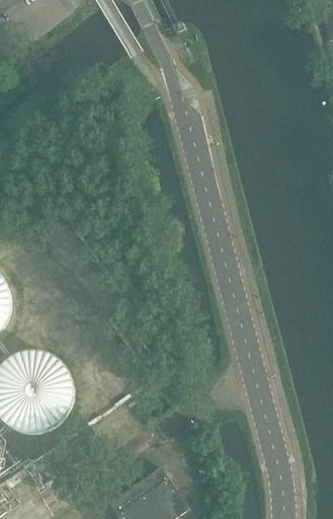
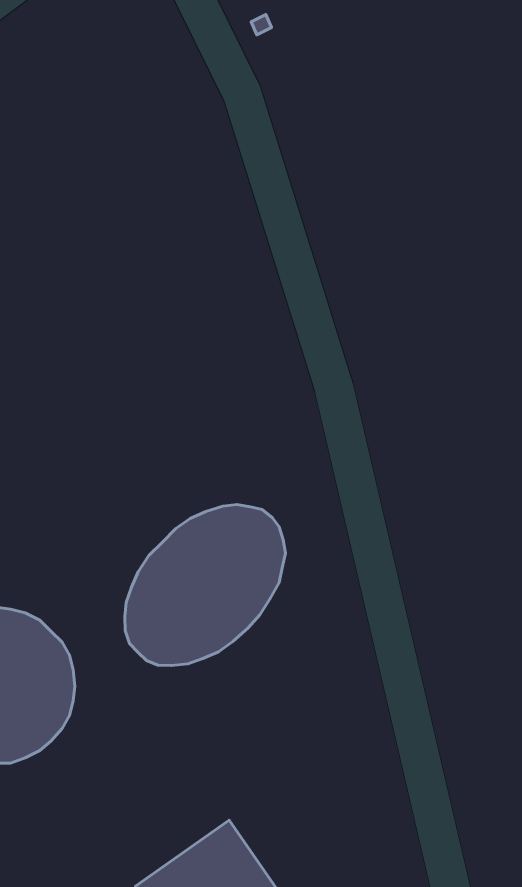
building: none -> [125,505,286,666]

